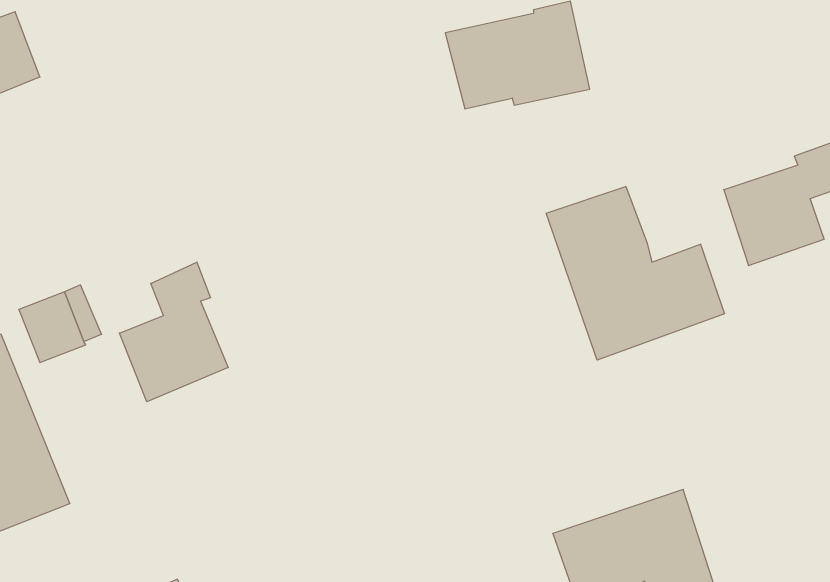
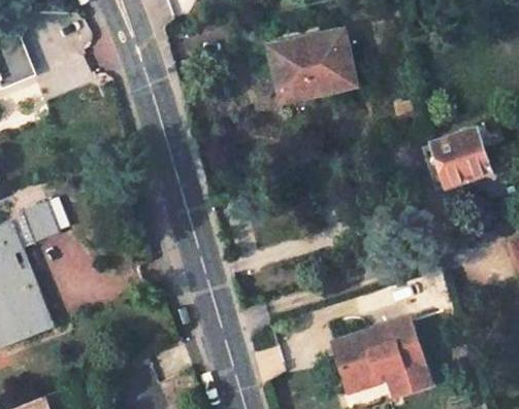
building: [546,186,725,360] -> none
building: [119,262,228,402] -> none

